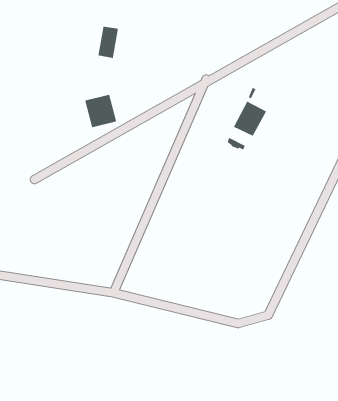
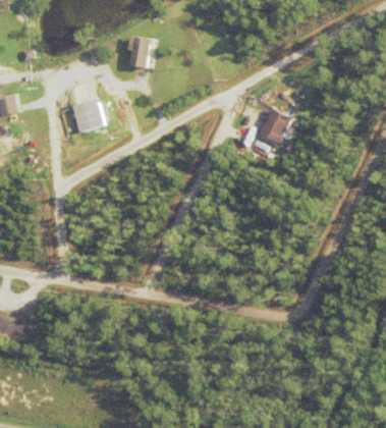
building: [84,94,117,128] -> [70,100,102,132]

